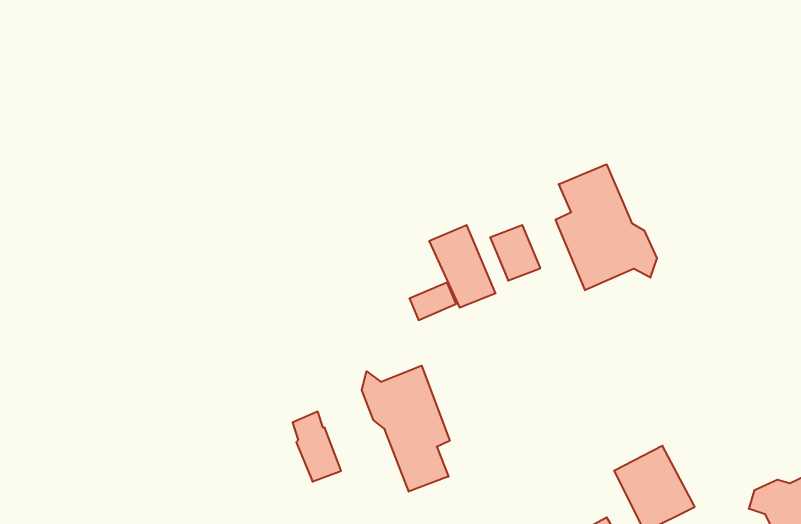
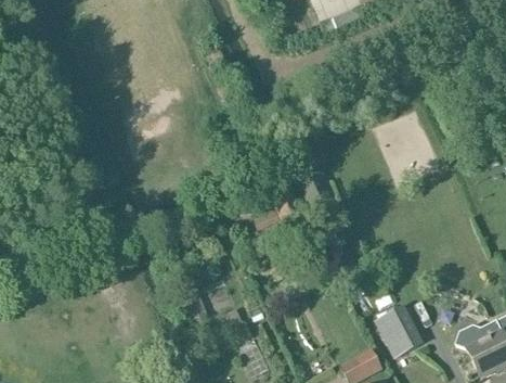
building: [556,164,657,290] -> none
building: [362,366,450,492] -> none

